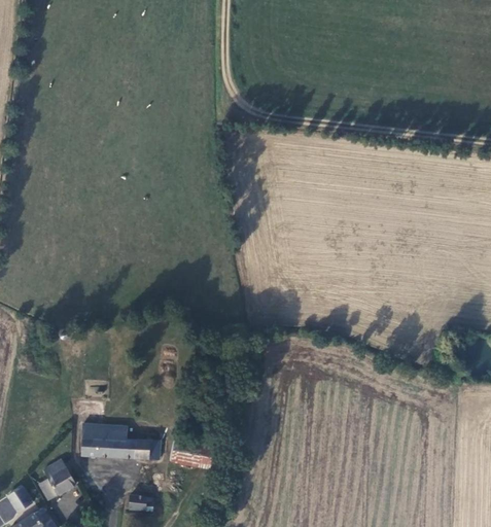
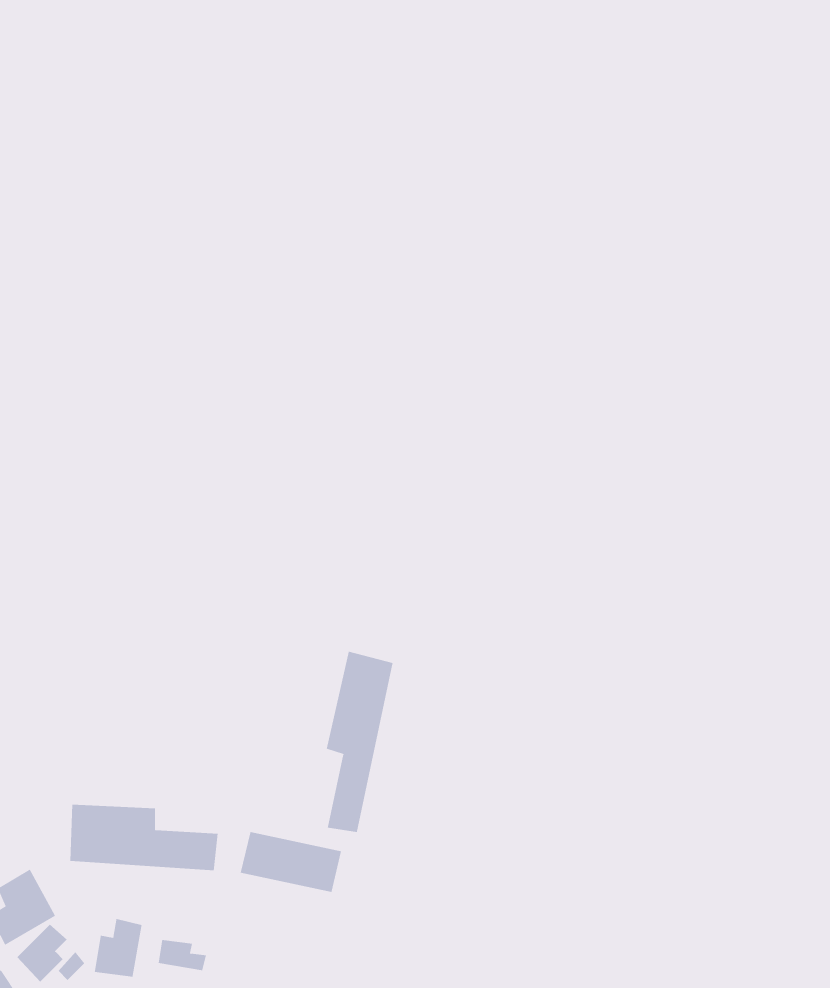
building: none -> [326,651,393,833]
building: none -> [94,918,142,977]

